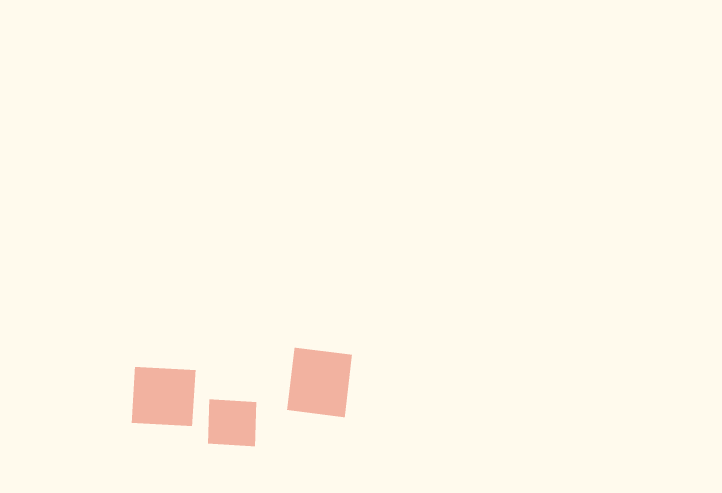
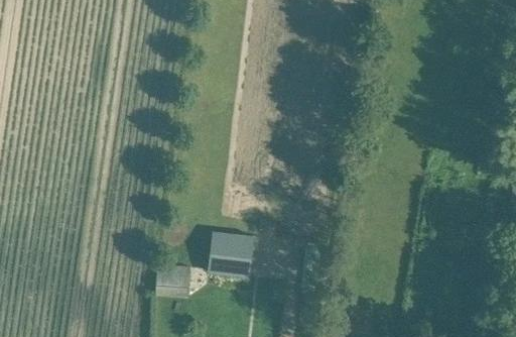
building: [131,366,196,427] -> none

